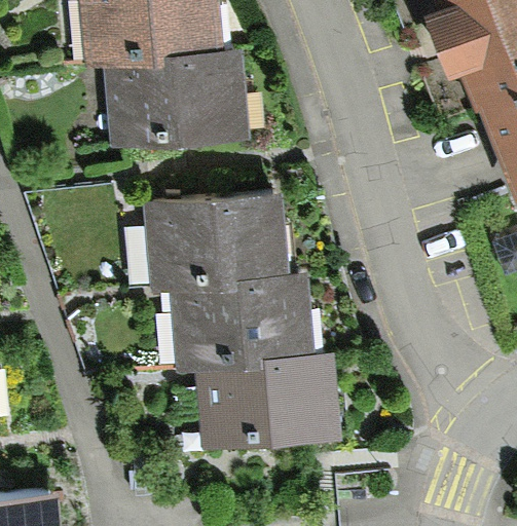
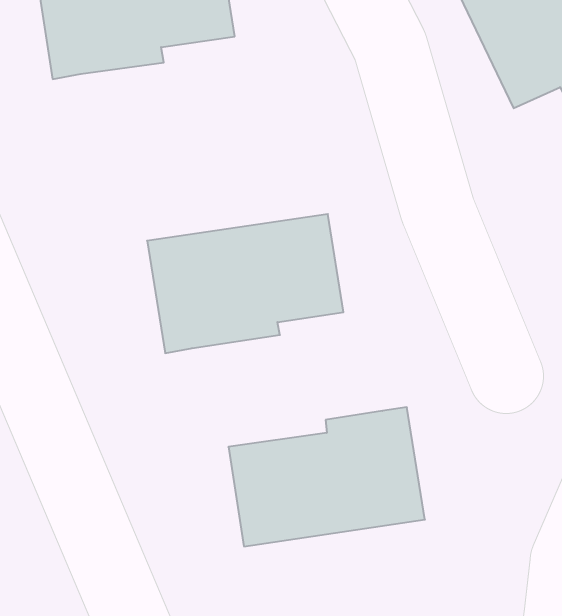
building: [104,46,251,144] -> none
building: [172,270,317,370] -> none

